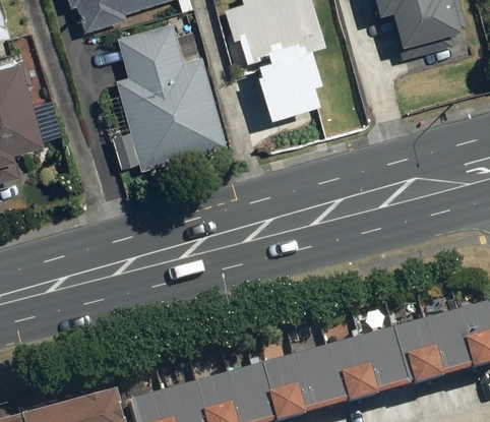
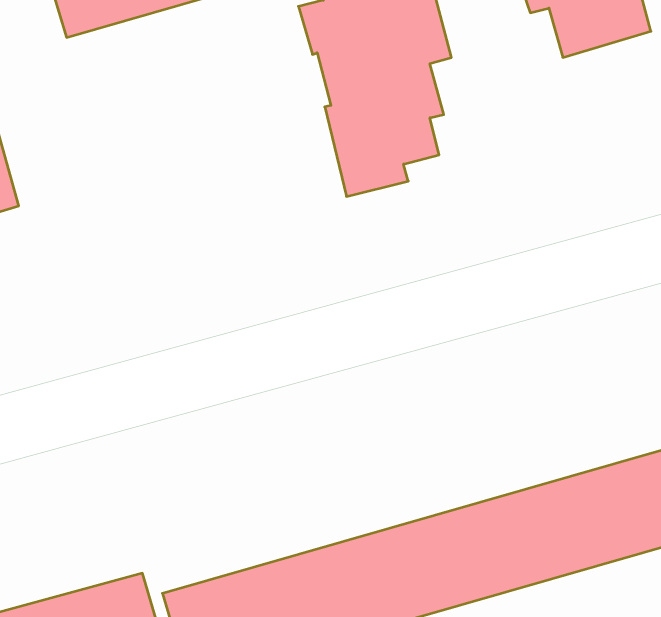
building: [111,23,225,173] -> none

